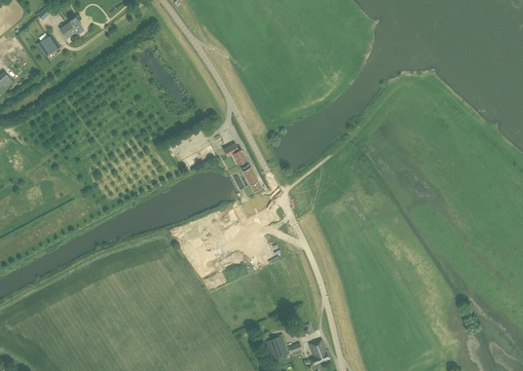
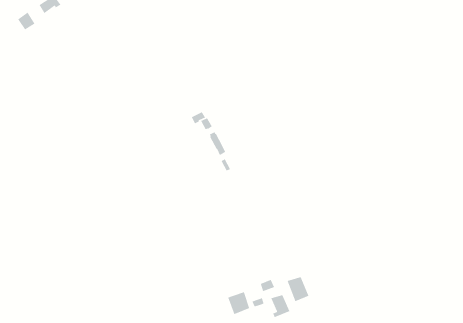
building: none -> [287,276,309,302]

